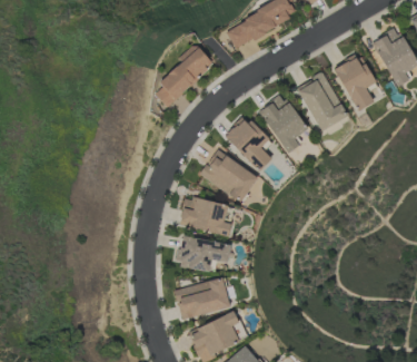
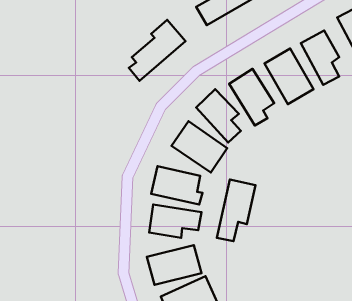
building: none -> [217,179,255,241]

